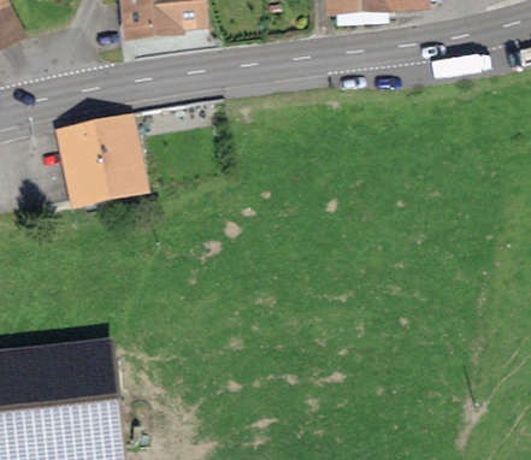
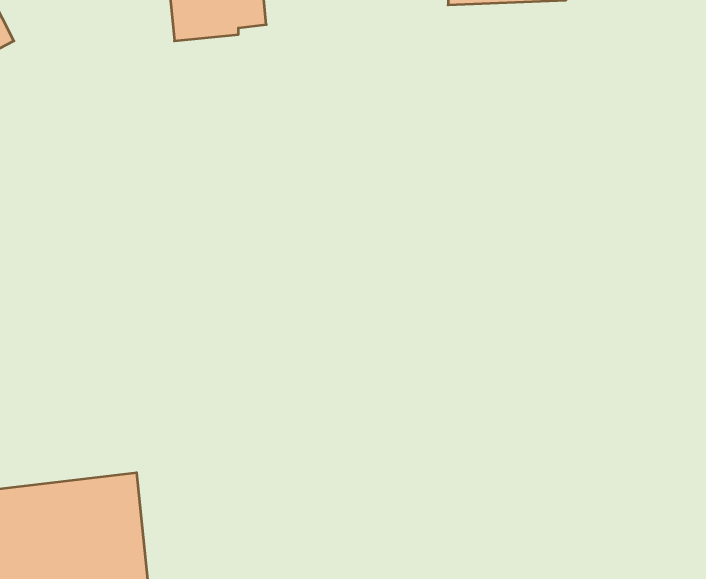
building: [64,128,142,200] -> none

